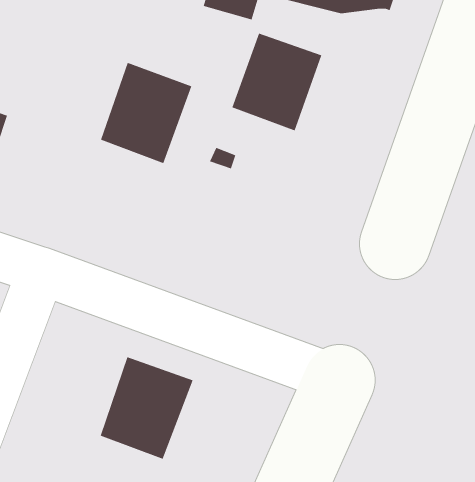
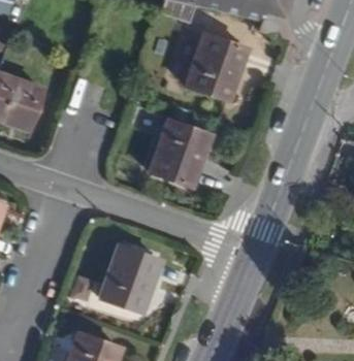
building: [100,62,192,164] -> [150,119,210,185]

